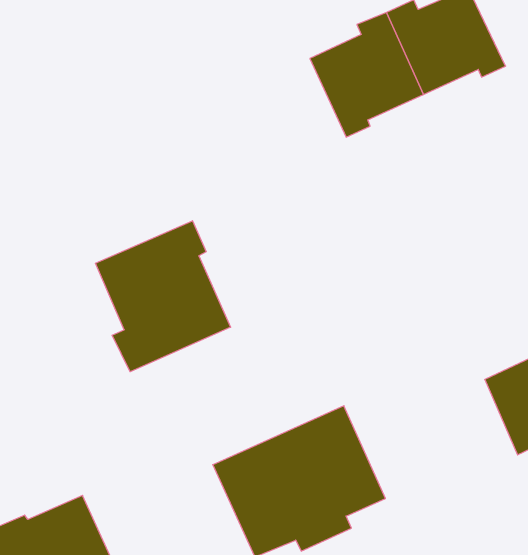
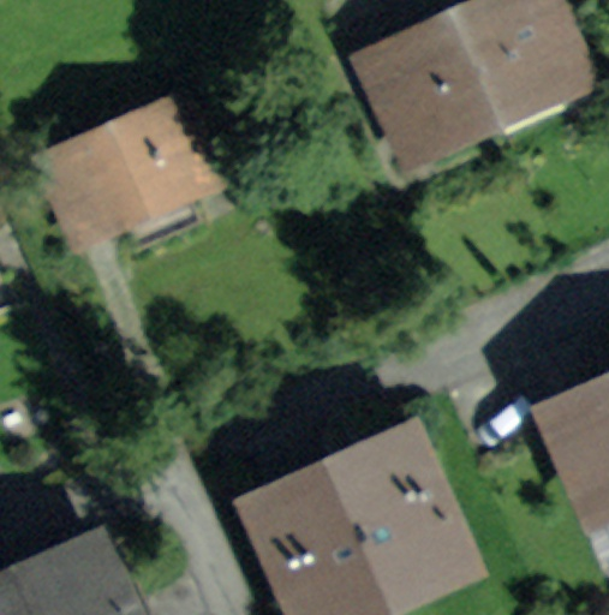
building: none -> [38,108,205,235]
building: [96,221,231,372] -> none

